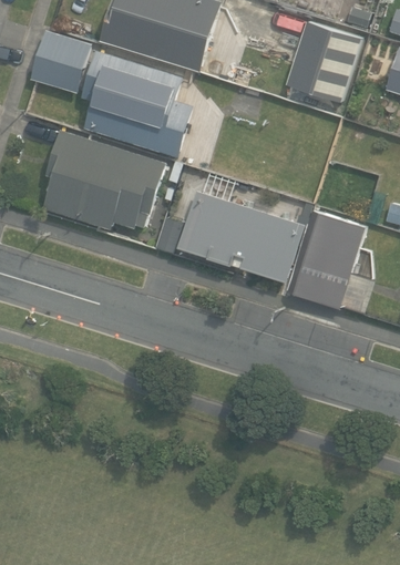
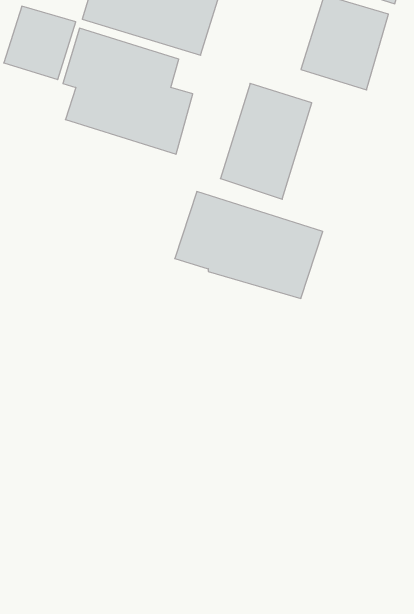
building: [44,130,167,230] -> none
building: [287,210,366,310] -> [220,83,312,199]

